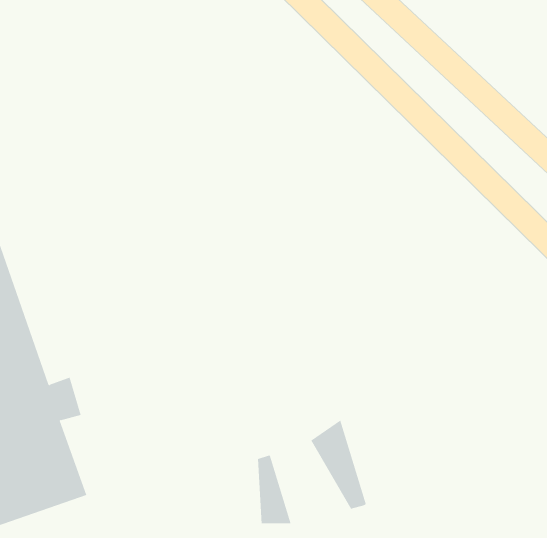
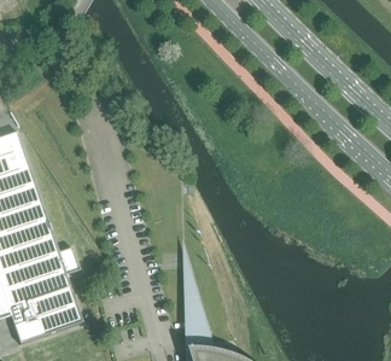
building: [310,420,366,510] -> none

